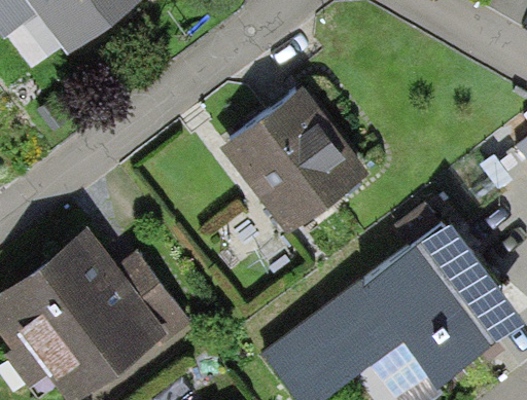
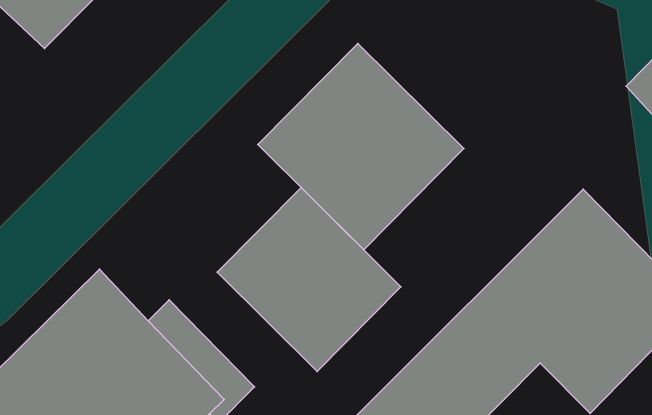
building: none -> [217,188,401,371]

